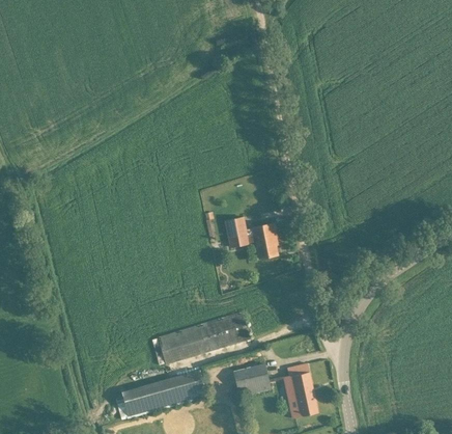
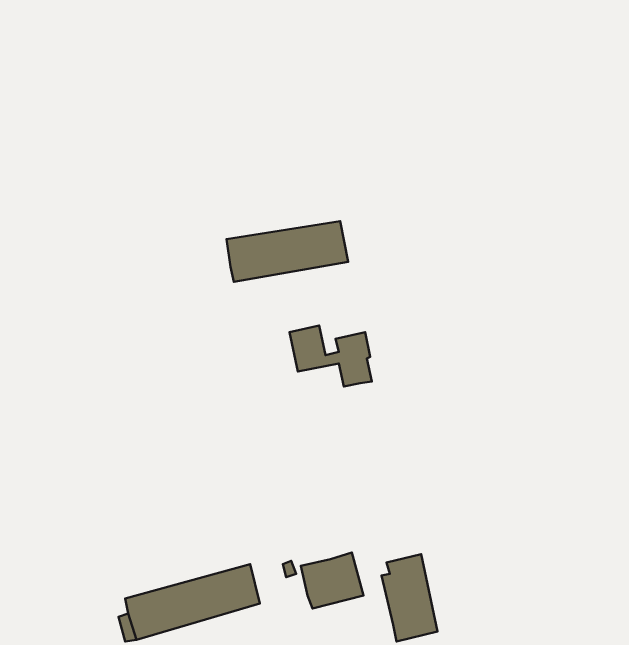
building: none -> [226,221,348,282]
building: [159,311,251,364] -> none

